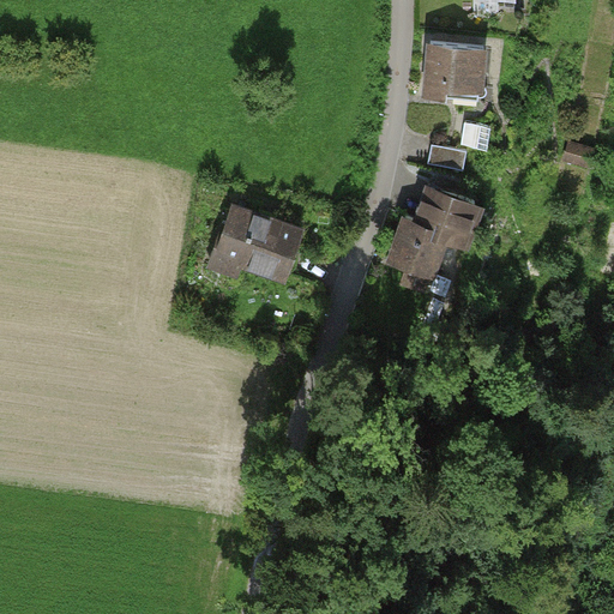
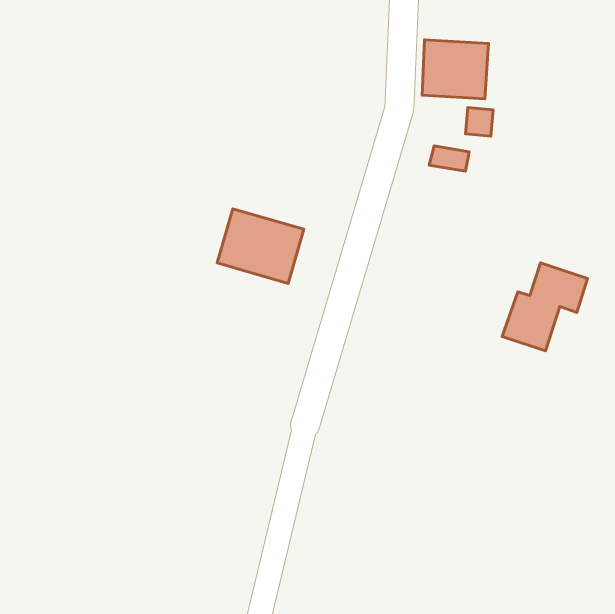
building: [389,187,474,275] -> [502,263,588,351]

